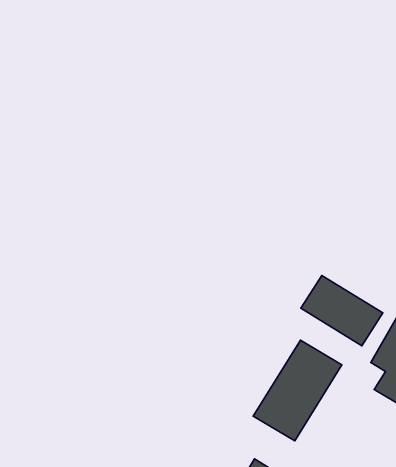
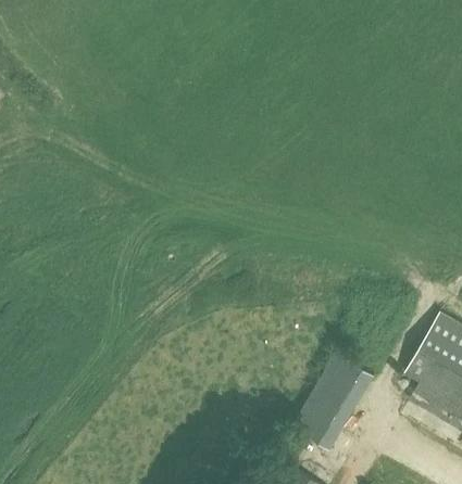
building: [301,275,383,346] -> none

